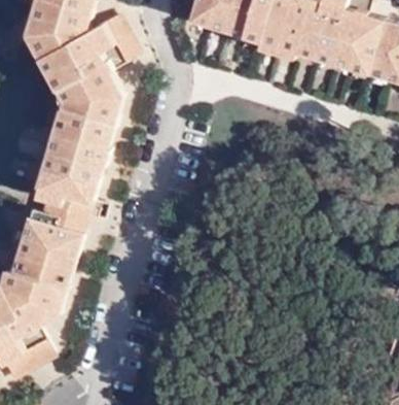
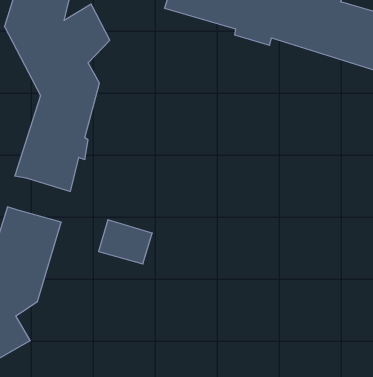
building: [38,190,92,234] -> [99,220,152,264]

